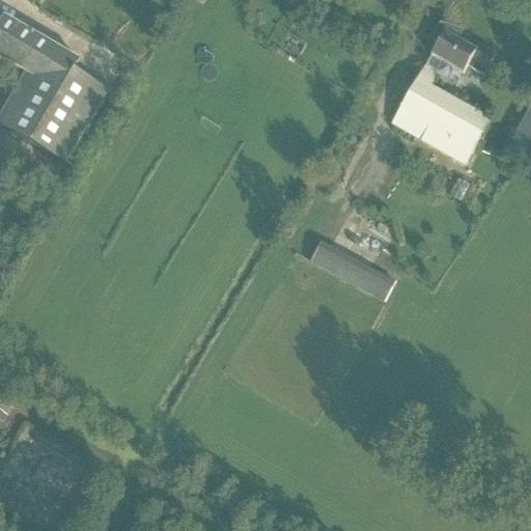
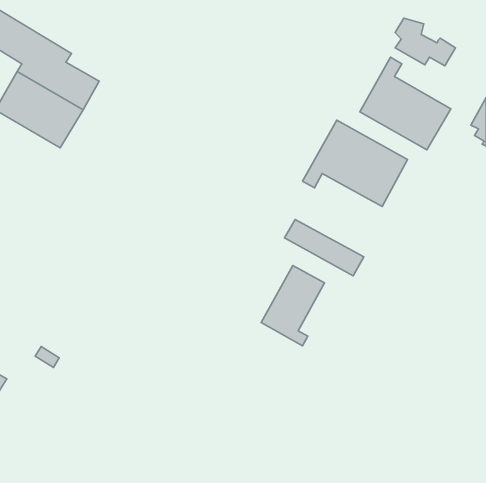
building: none -> [302,120,408,206]
building: none -> [261,266,325,346]

